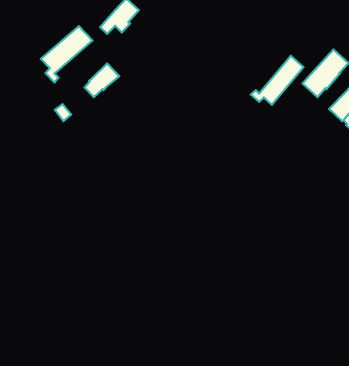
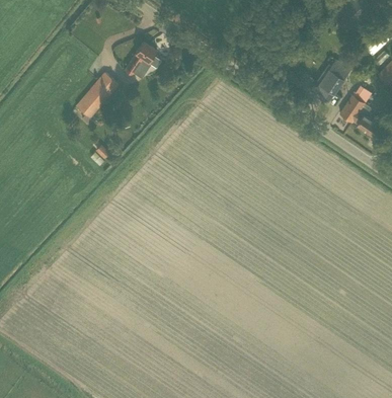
building: [251,56,304,105] -> none
building: [85,63,119,97] -> none

